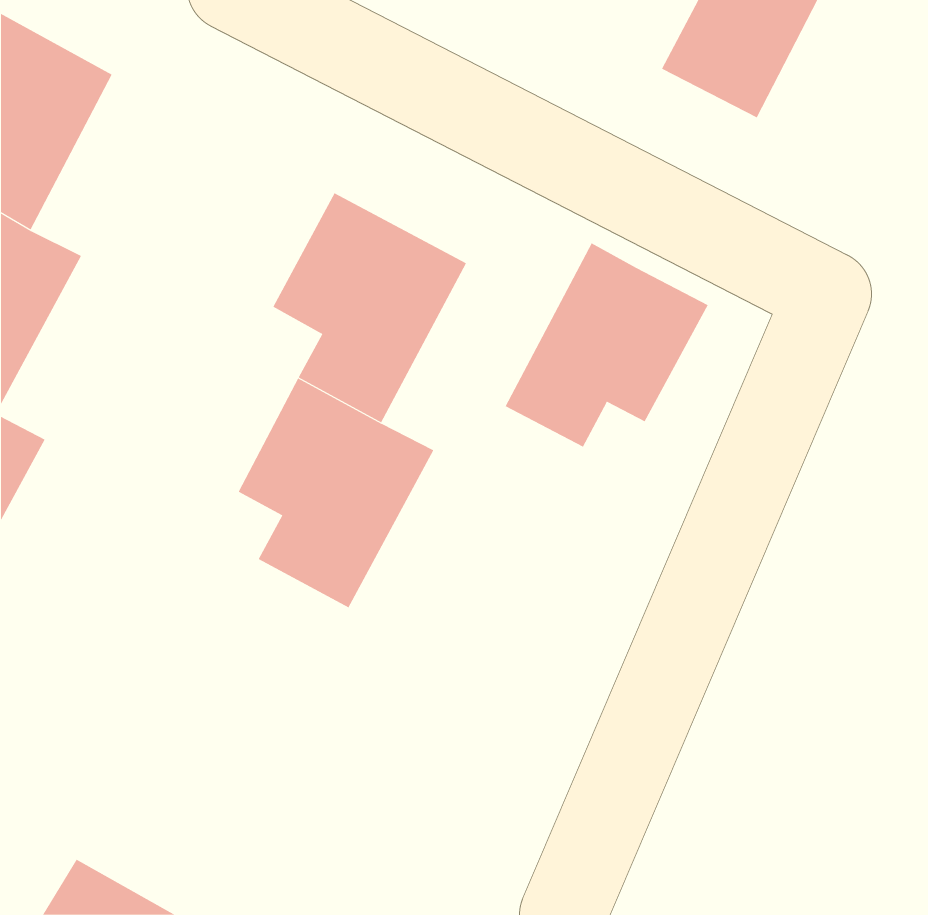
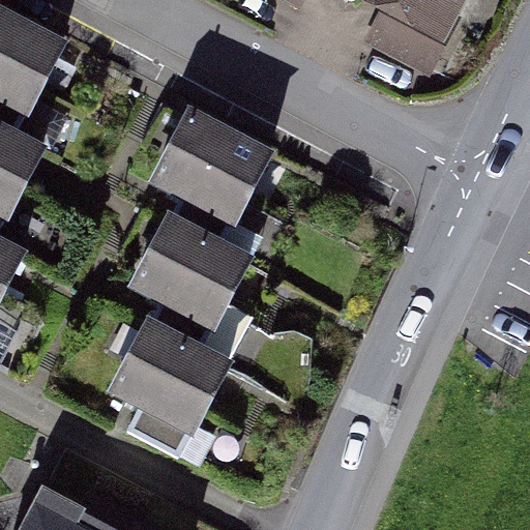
building: [505,242,708,448] -> none
building: none -> [110,319,229,450]

